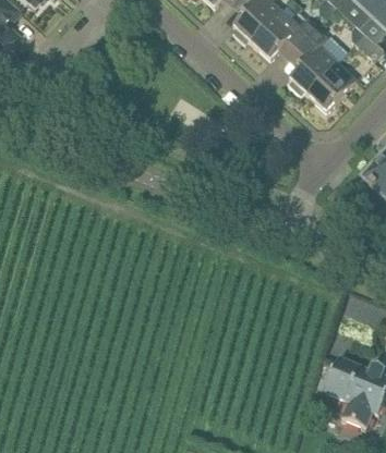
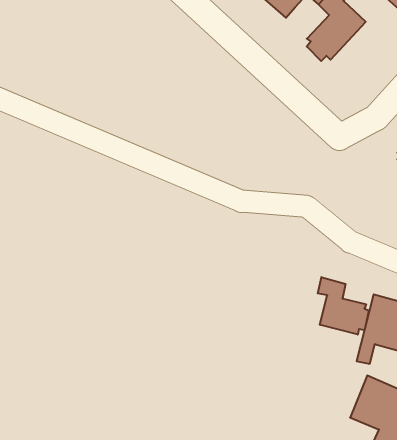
building: [309,62,357,111] -> none
building: none -> [318,277,369,335]

